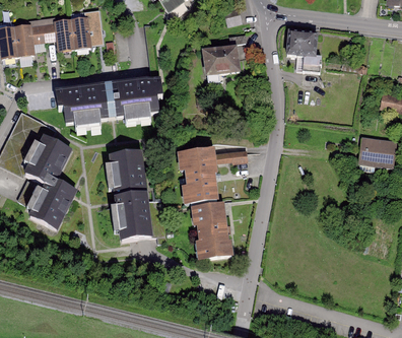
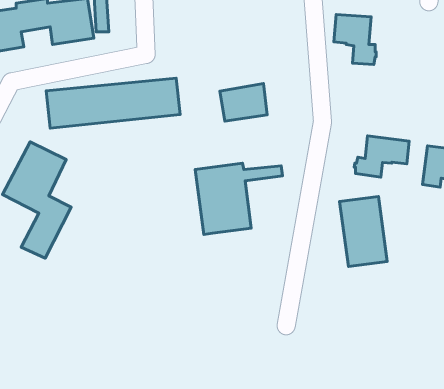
building: [200,45,239,75] -> [220,84,267,121]
building: none -> [354,136,409,177]
building: [106,150,149,240] -> none
building: [190,202,228,259] -> [340,196,387,266]

